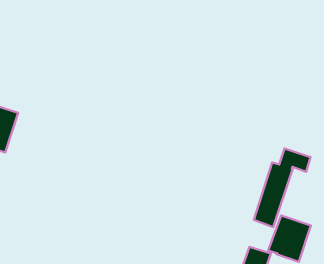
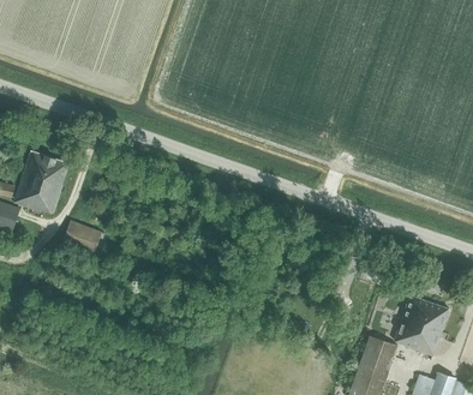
building: [254,148,310,227] -> none
building: none -> [61,221,101,255]

